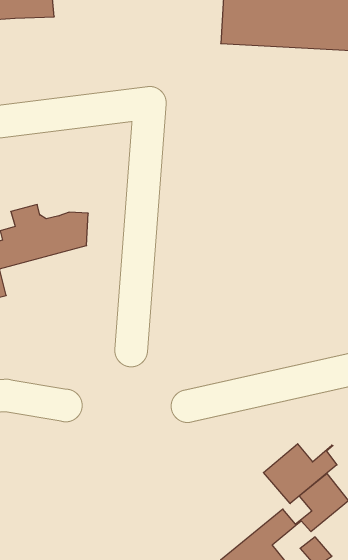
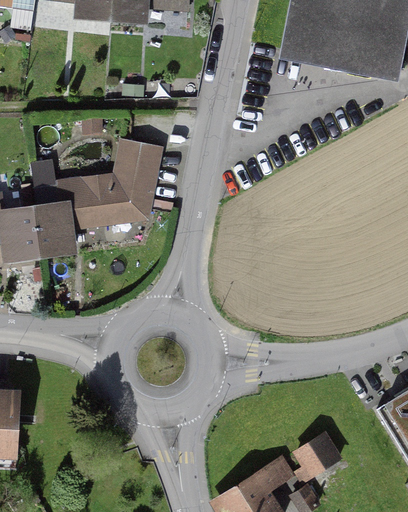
building: none -> [117,143,157,179]
building: [263,444,337,504] -> none

